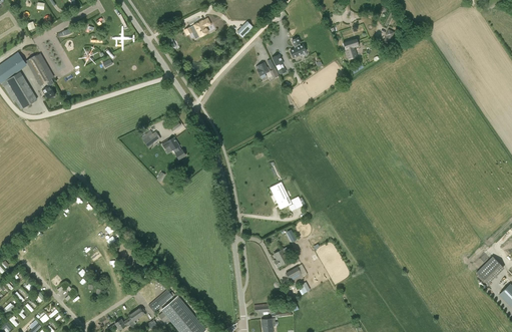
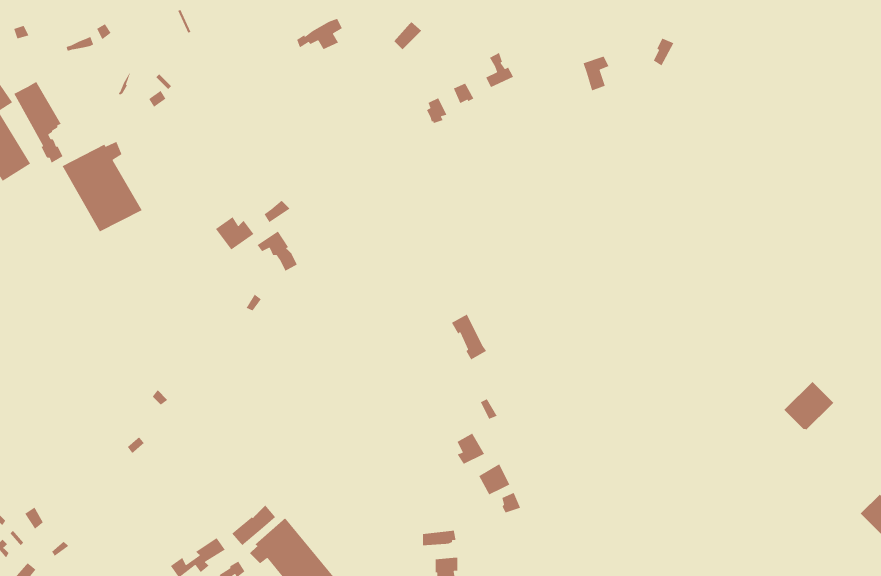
building: none -> [62,141,143,233]
building: [476,256,504,284] -> [784,381,834,432]

